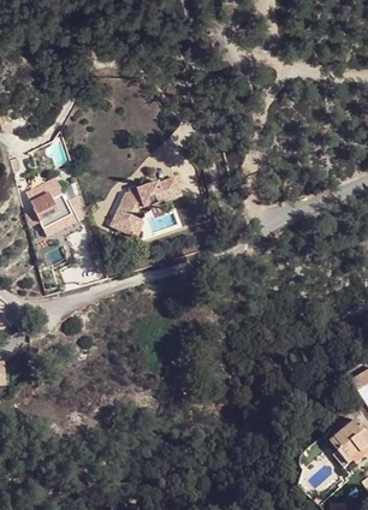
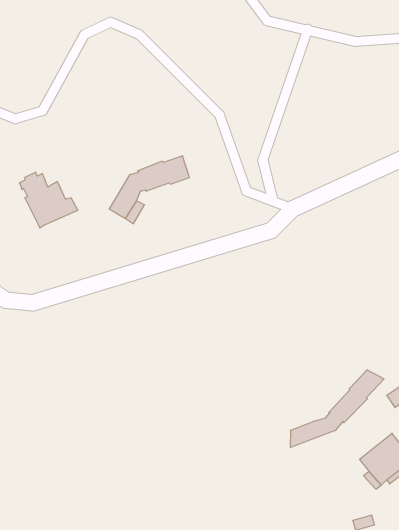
building: none -> [291,370,384,448]

